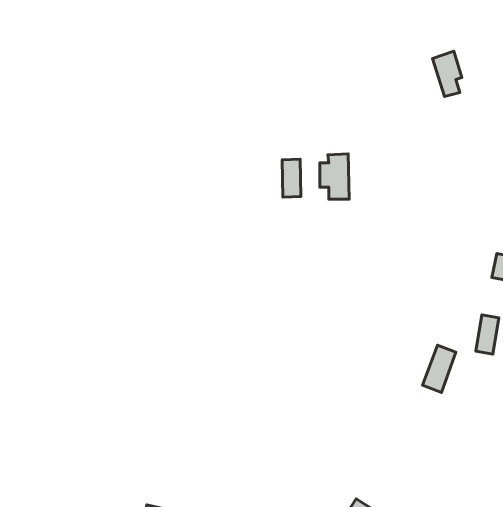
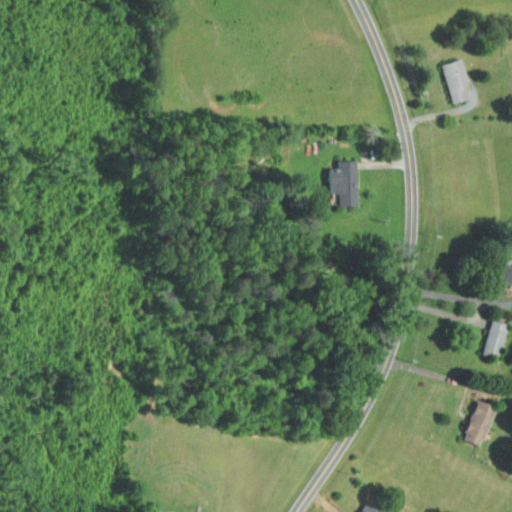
building: [282,159,301,197] -> none
building: [423,345,456,392] -> [463,400,496,447]

